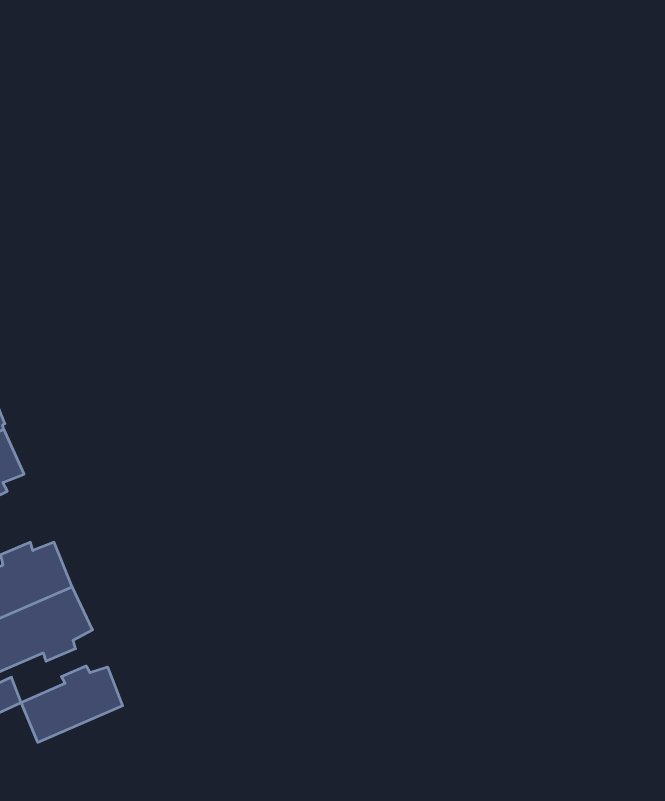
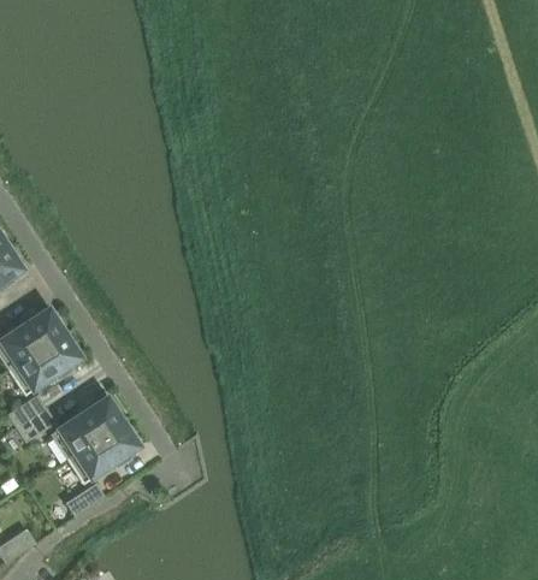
building: [21,666,123,742] -> none

